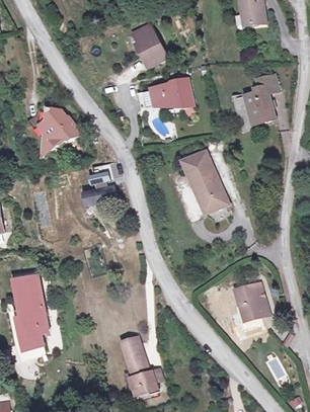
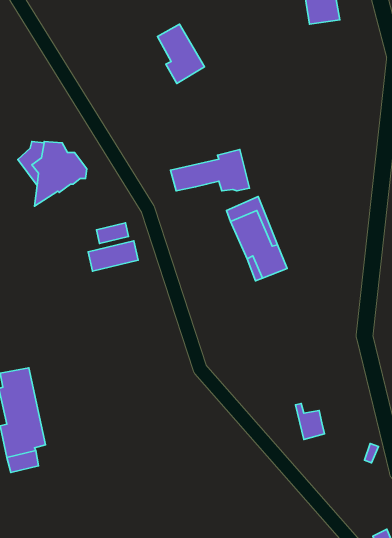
building: [242,74,278,121] -> none
building: [136,78,193,108] -> [171,150,249,191]
building: [233,282,268,317] -> none
building: [122,337,163,394] -> none

